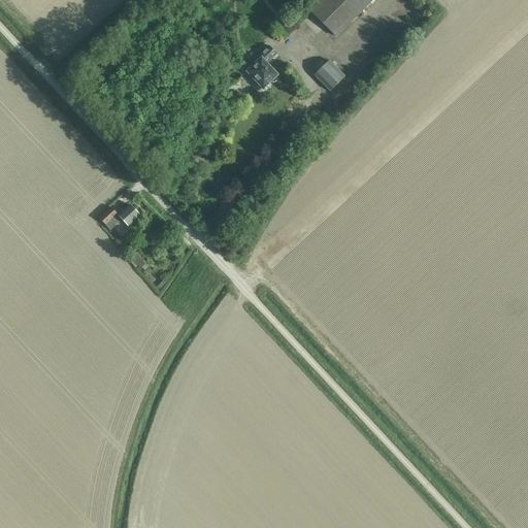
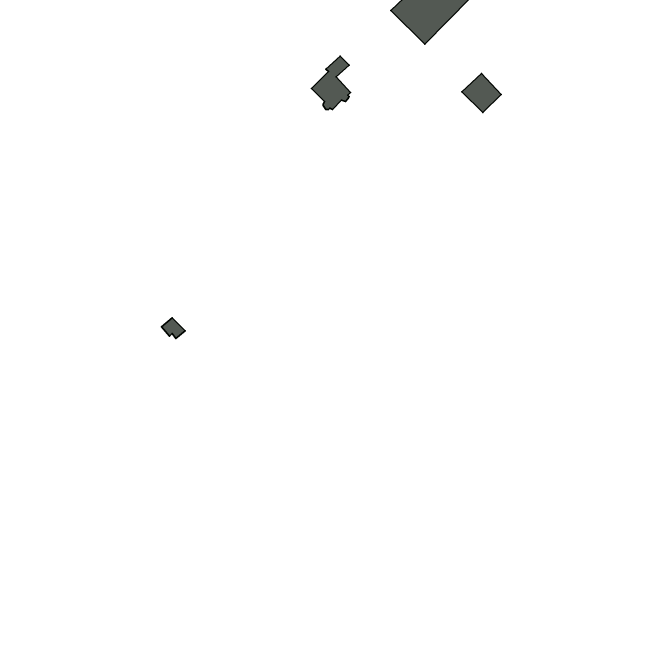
building: [314,59,344,90] -> [462,74,501,113]
building: [99,203,139,228] -> none

